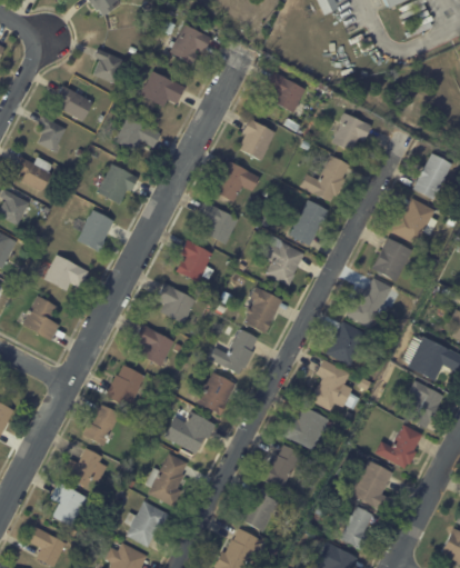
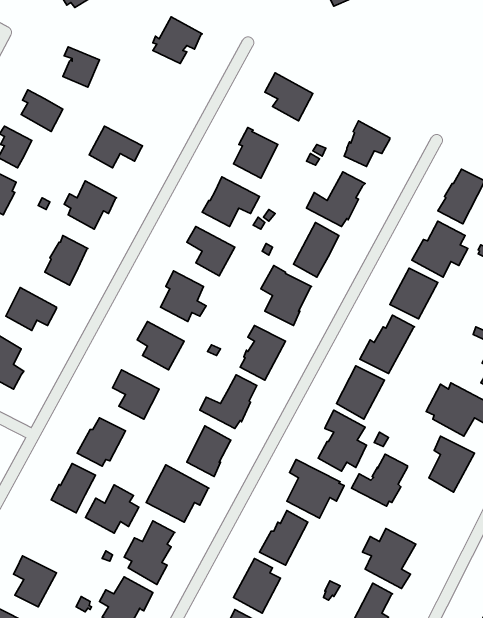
building: [140,72,184,108] -> none
building: [374,425,422,469] -> [351,454,407,506]
building: [61,448,107,489] -> [85,485,139,533]

